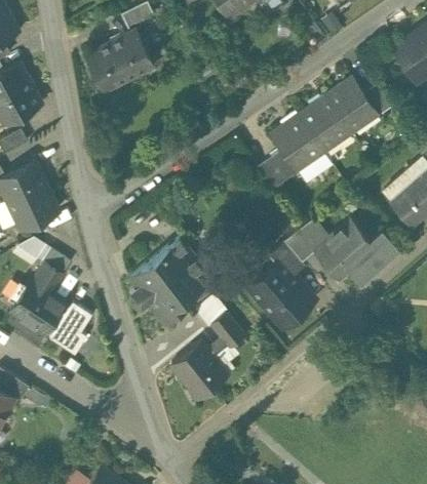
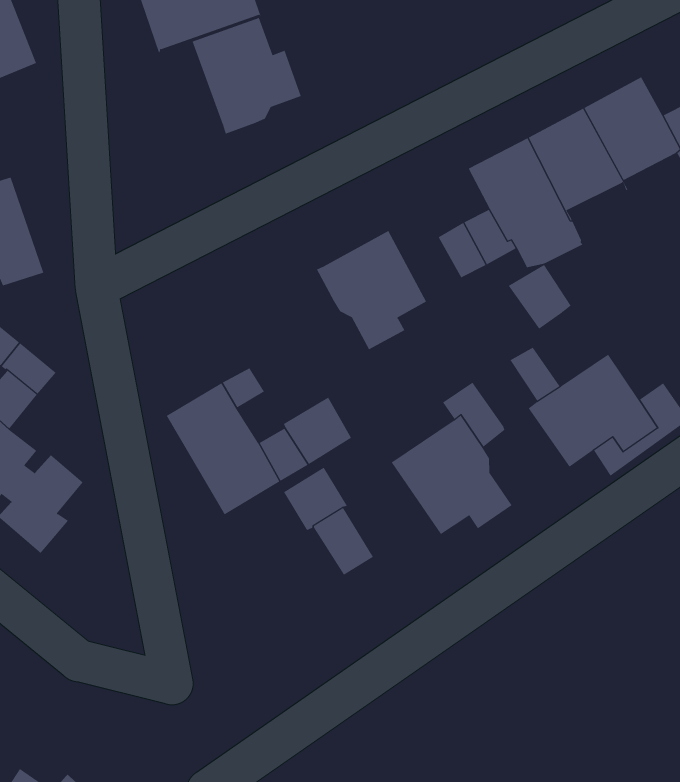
building: none -> [192,17,301,135]
building: none -> [316,230,427,350]
building: [283,230,317,264] -> [508,264,572,330]
building: [170,342,228,401] -> none

